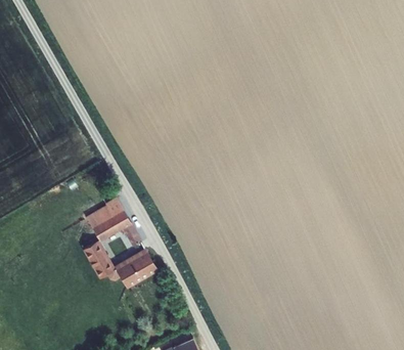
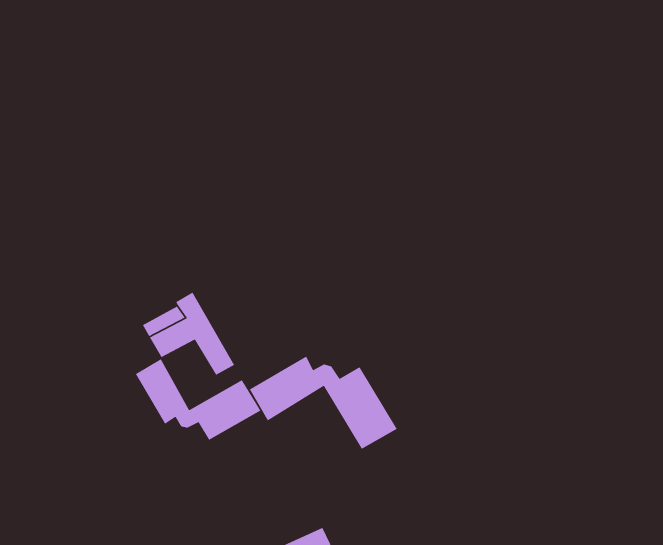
building: none -> [249,355,398,450]

